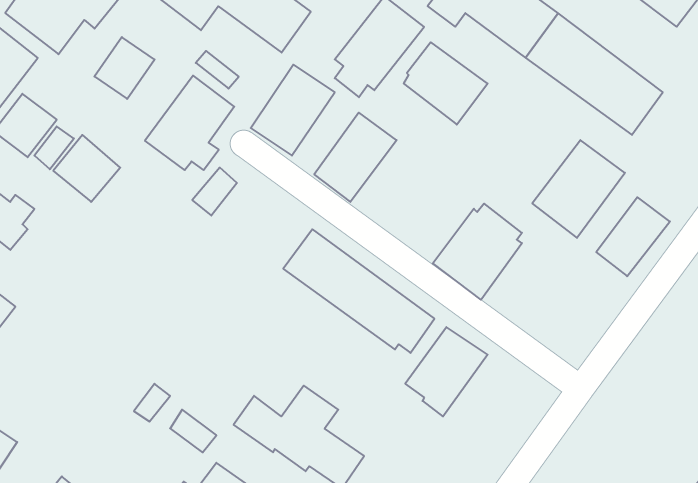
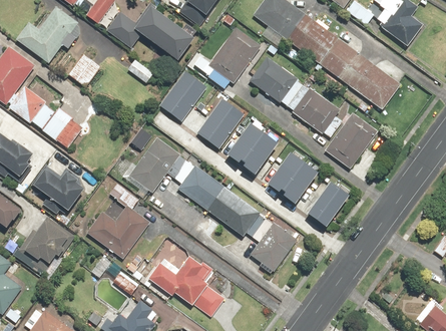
building: [145,76,234,170] -> [129,137,181,193]
building: none -> [292,87,340,134]
building: none -> [227,118,279,176]
building: [596,197,670,276] -> [307,181,350,227]
building: none -> [32,164,85,211]
building: none -> [86,184,150,259]
building: none -> [21,215,78,264]

